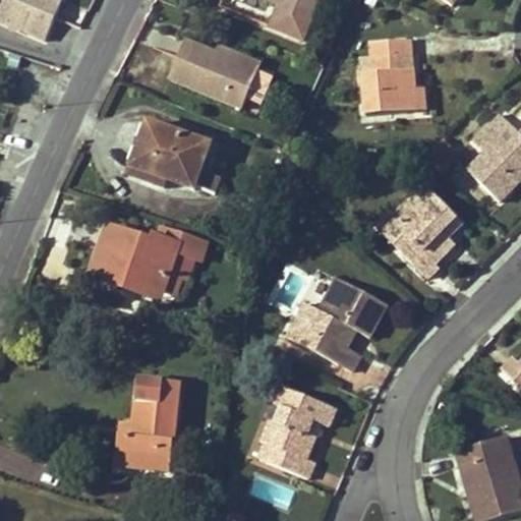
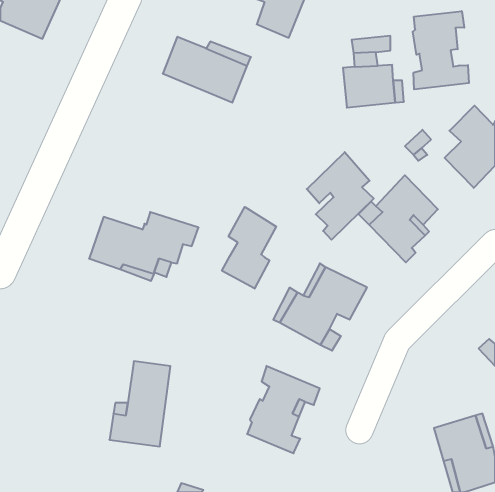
building: none -> [413,11,469,89]
building: [131,123,222,192] -> none
building: none -> [307,152,374,240]
building: none -> [222,207,276,289]

